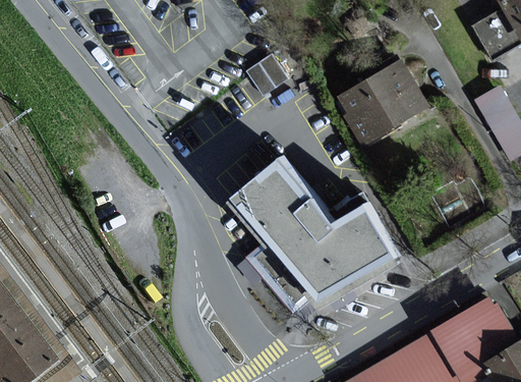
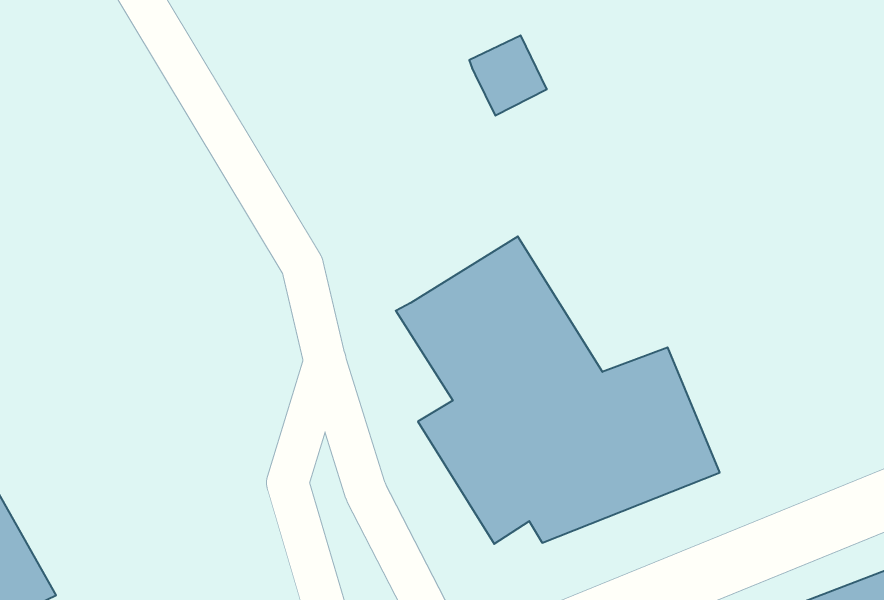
building: [340,57,431,141] -> none

